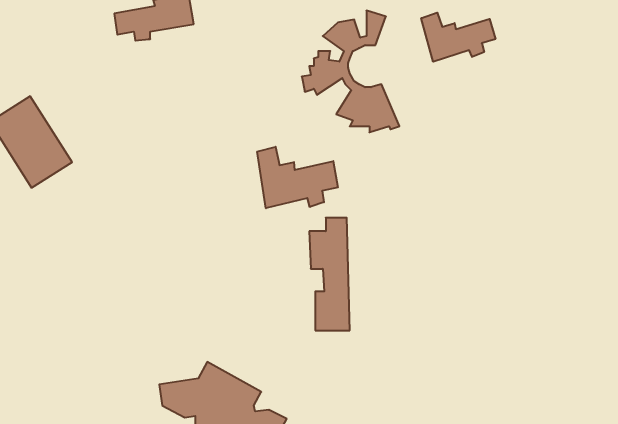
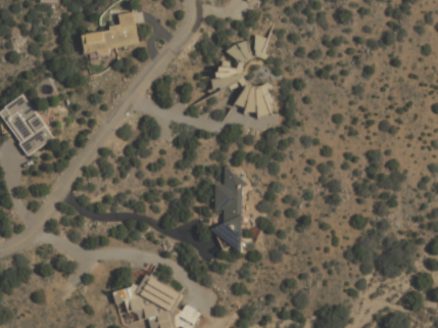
building: [421,13,495,62] -> none
building: [257,147,338,208] -> none

